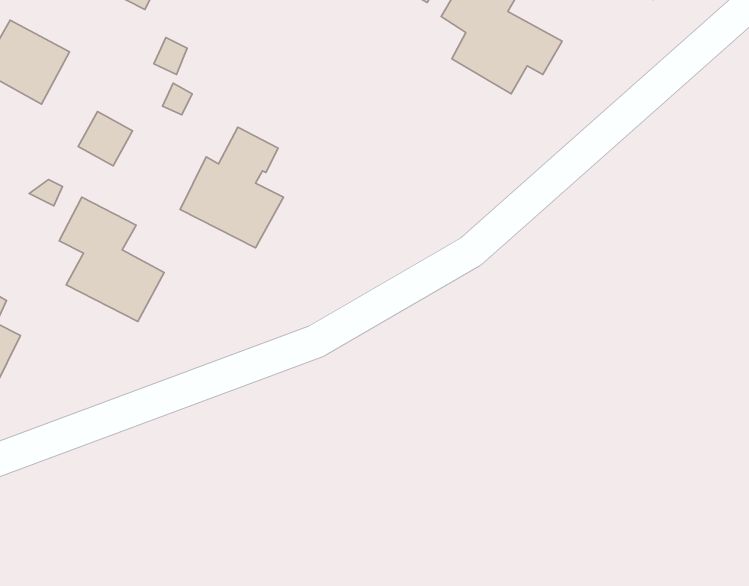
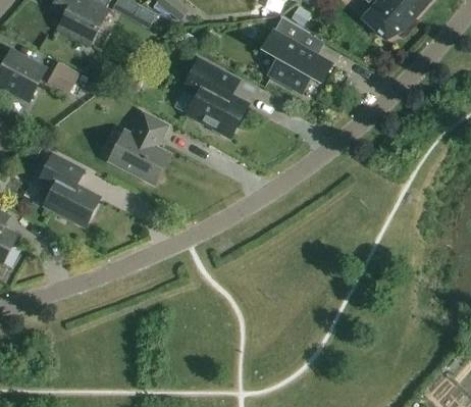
building: none -> [184,57,249,137]
building: [78,111,133,166] -> [48,61,80,93]

